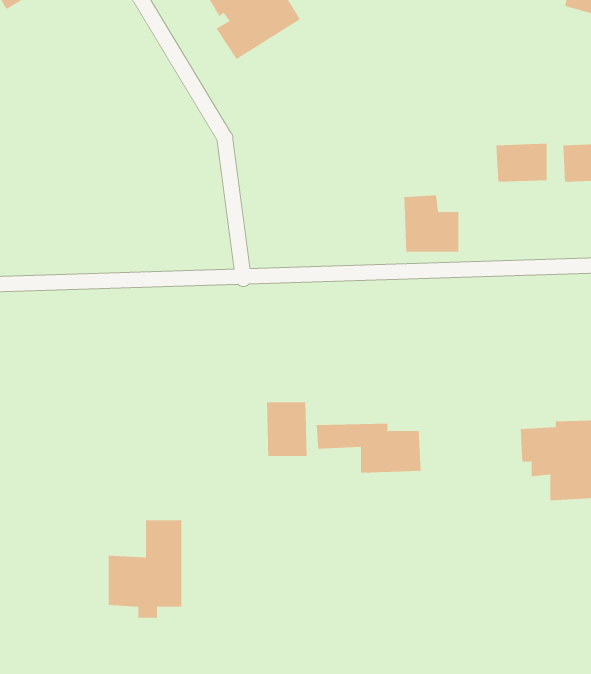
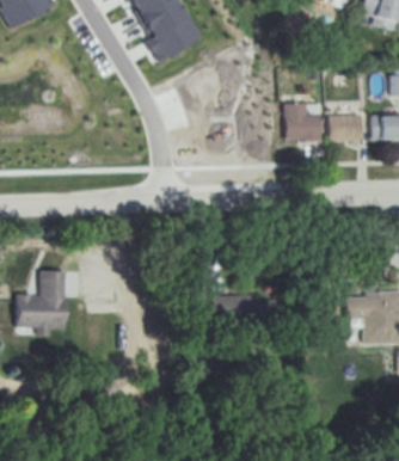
building: [404,195,459,252] -> [283,102,319,139]
building: [267,401,307,457] -> none
building: [108,520,182,618] -> [18,272,66,336]

